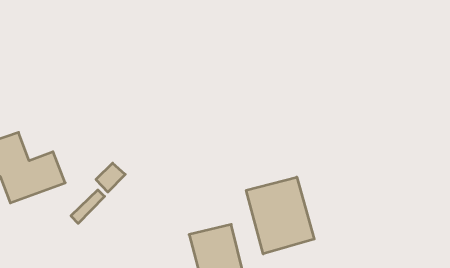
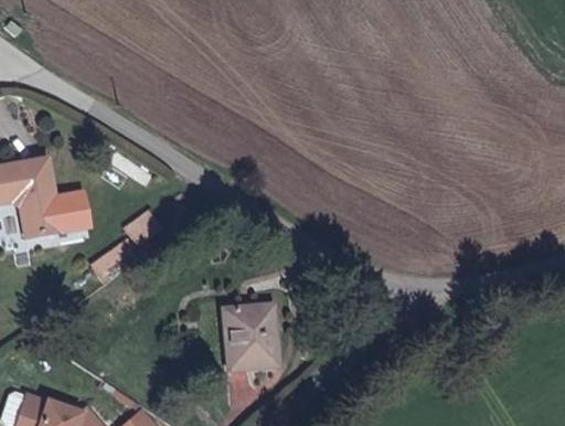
building: [246,177,314,254] -> none

